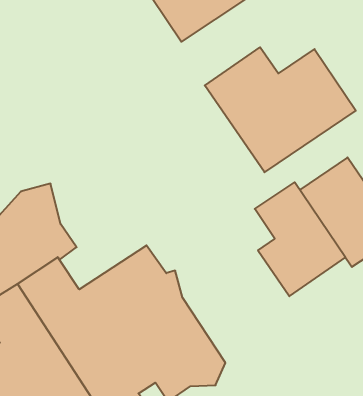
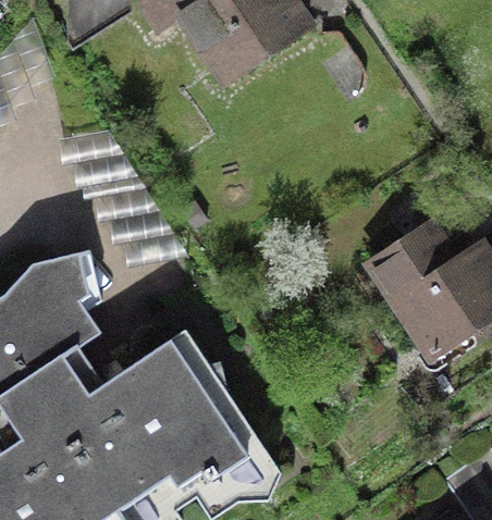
building: [205,47,356,172] -> none
building: [255,182,345,296] -> none

